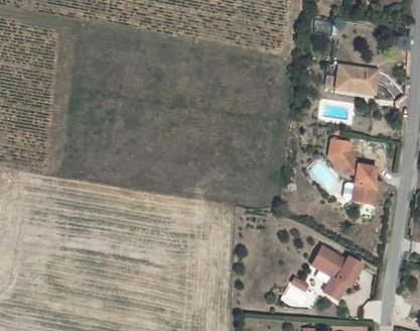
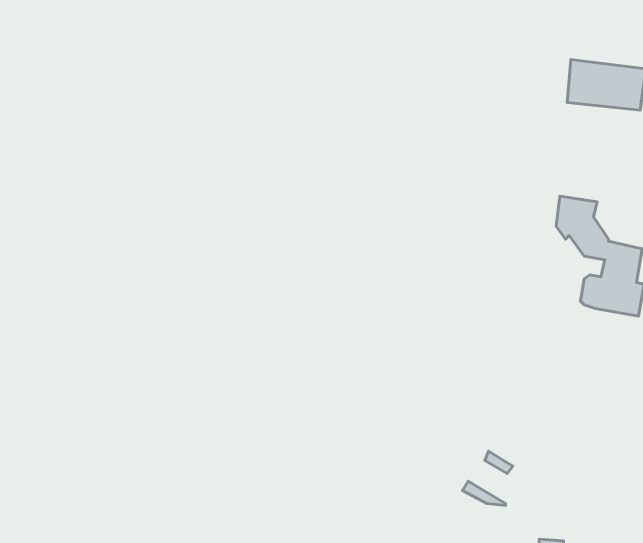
building: [313,246,364,300] -> none

